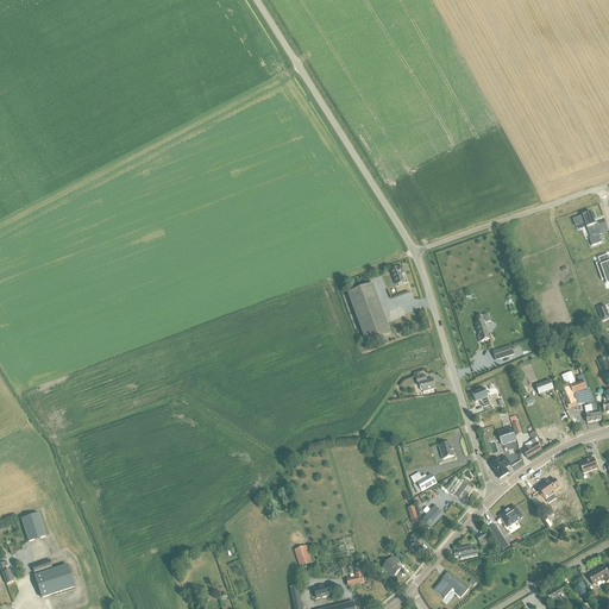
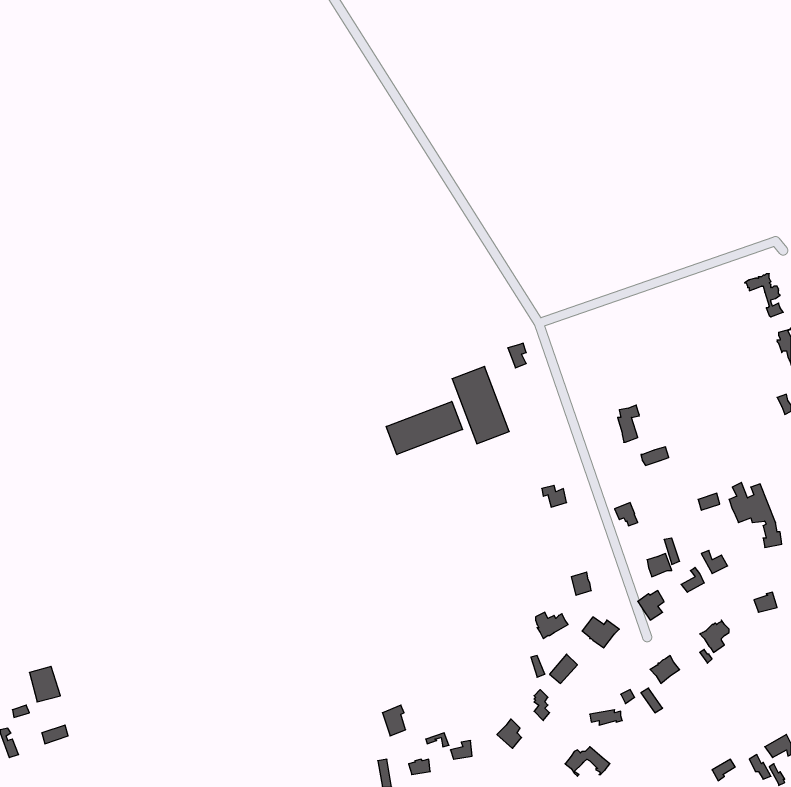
building: none -> [386,401,463,455]
building: [34,564,74,597] -> none

